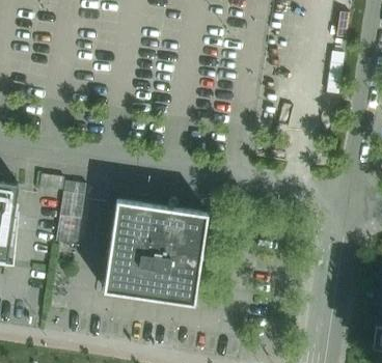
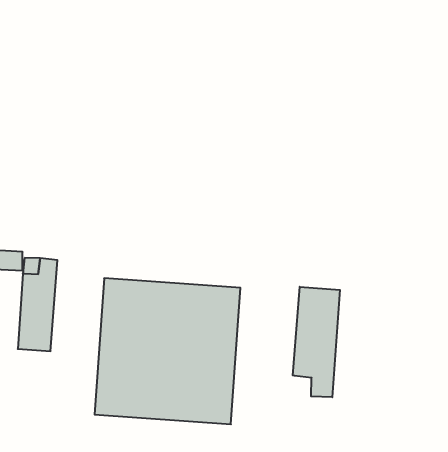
building: none -> [293,287,340,397]

